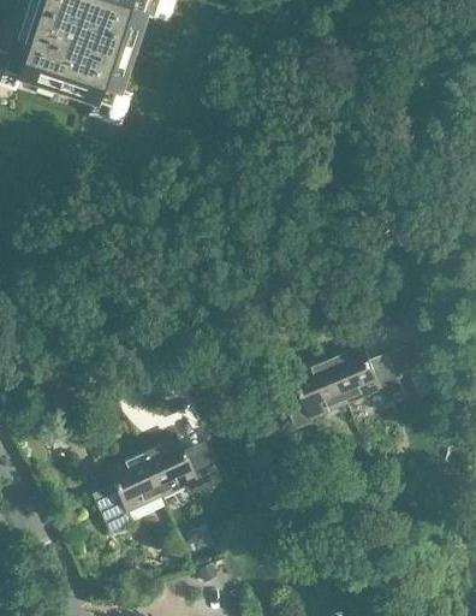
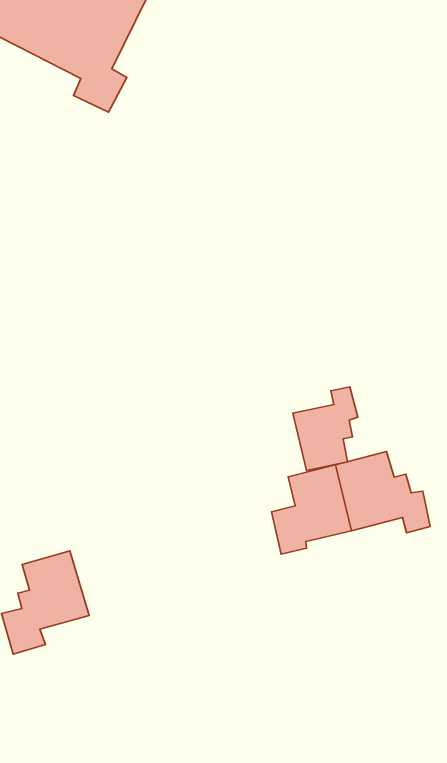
building: none -> [293,387,358,471]
building: [144,434,226,496] -> none

